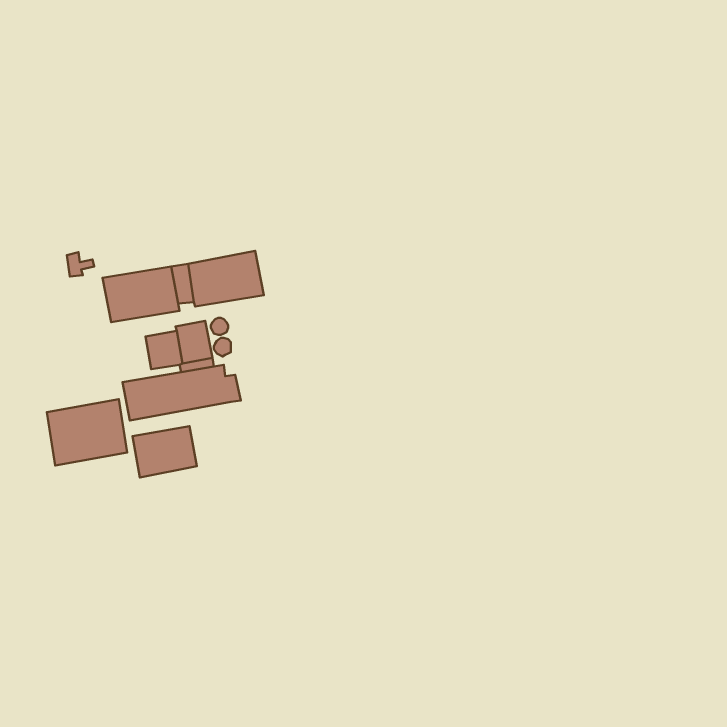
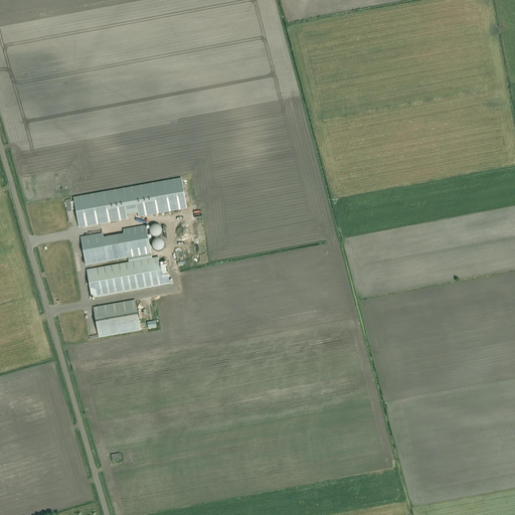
building: none -> [80,234,107,265]
building: [47,399,127,465] -> none

